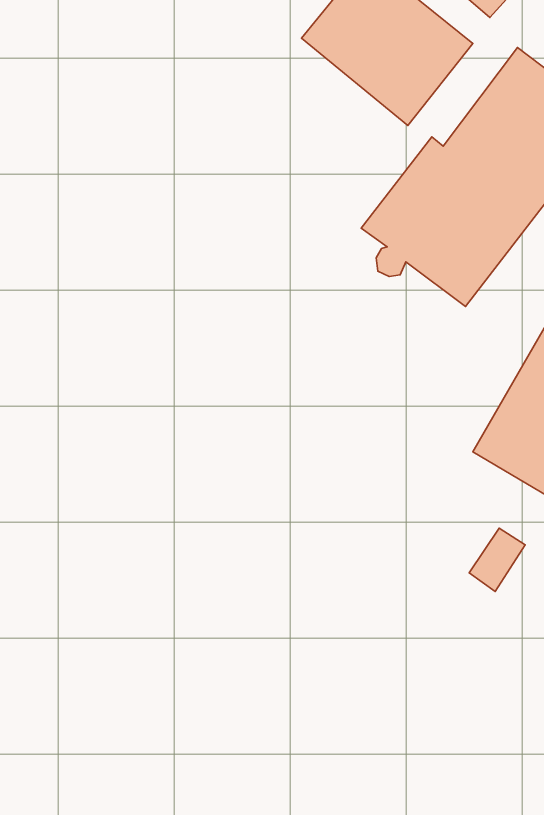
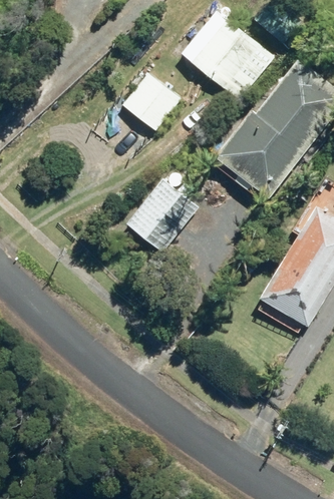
building: none -> [121,71,182,130]
building: none -> [126,178,198,251]

